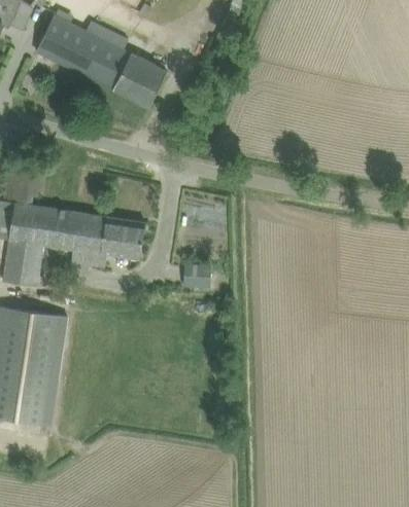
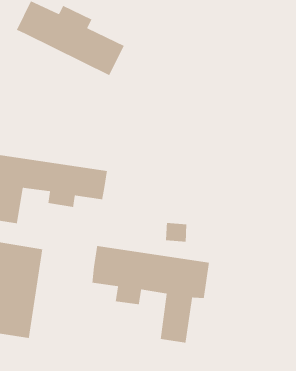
building: [182,265,209,290] -> [165,222,187,243]
building: none -> [91,245,210,343]

